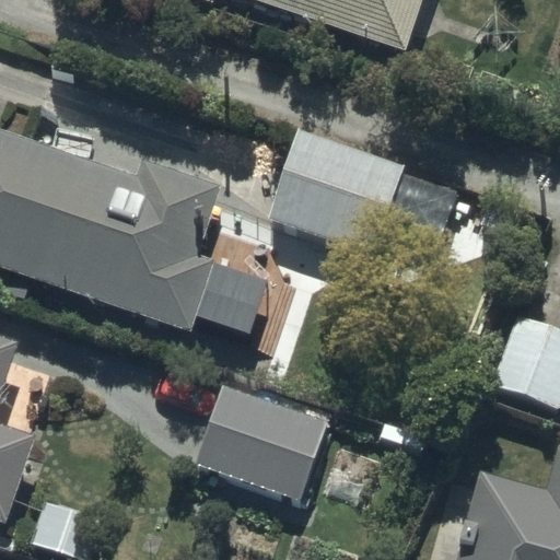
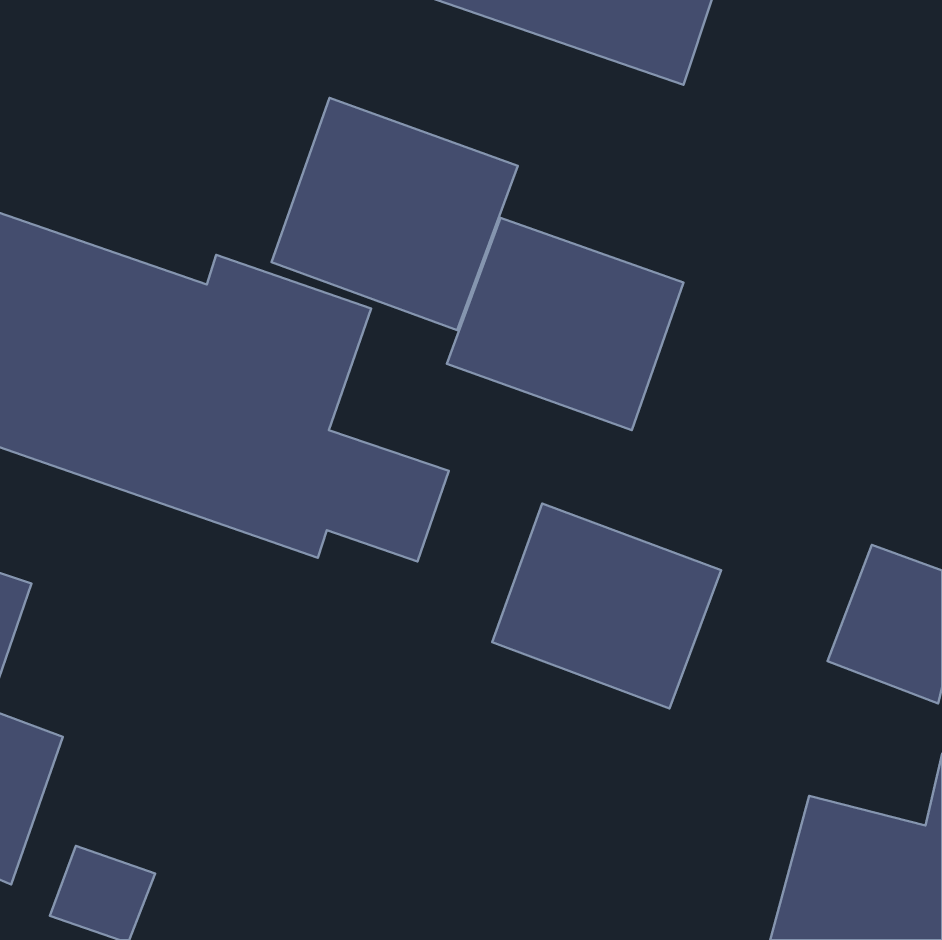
building: none -> [272,98,518,330]
building: [192,381,328,502] -> [492,504,721,709]

